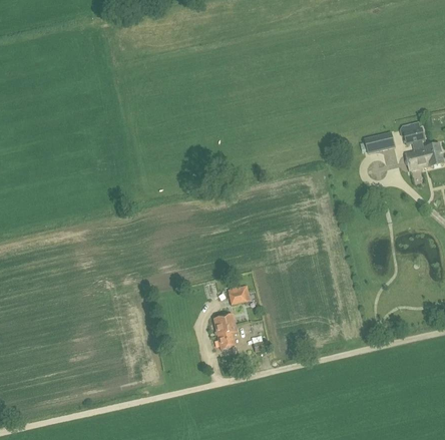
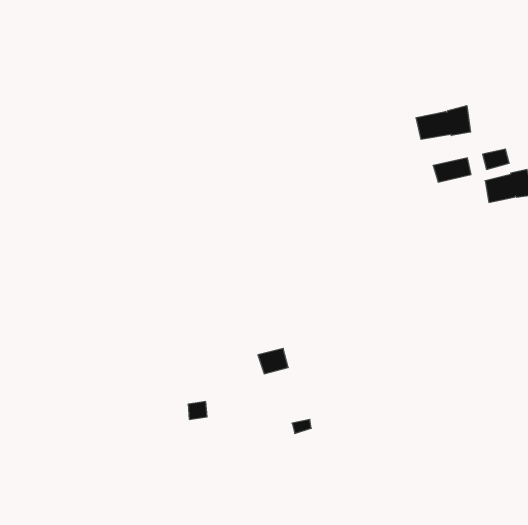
building: none -> [416,106,471,139]
building: [212,313,236,348] -> none

